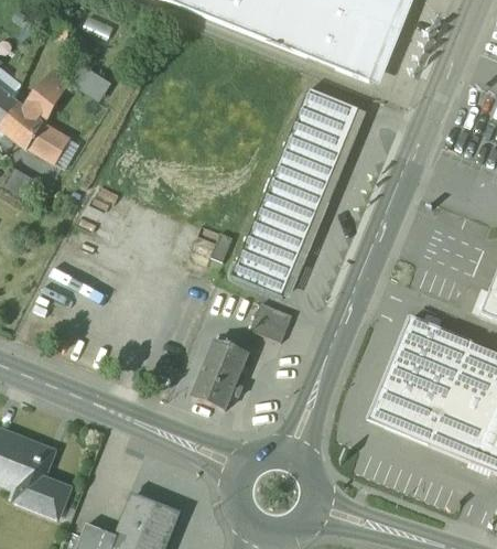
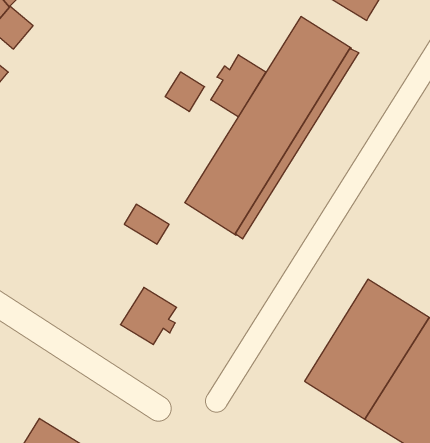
building: none -> [211,55,266,117]
building: none -> [165,72,205,112]
building: [251,302,293,342] -> none
building: [208,338,249,372] -> [124,204,169,244]

